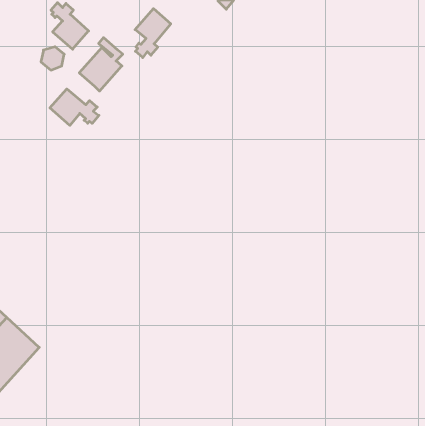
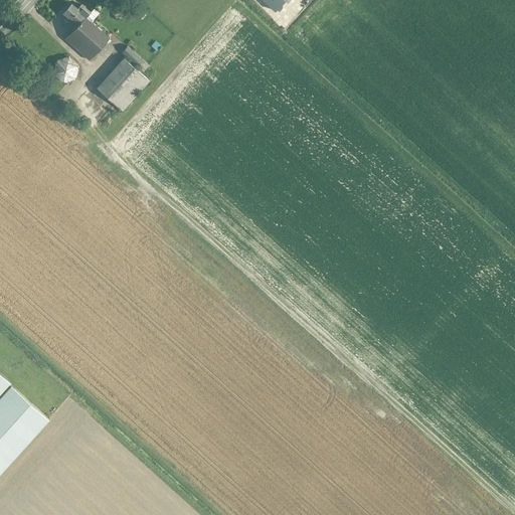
building: [135,9,171,58] -> none
building: [50,89,99,125] -> none

